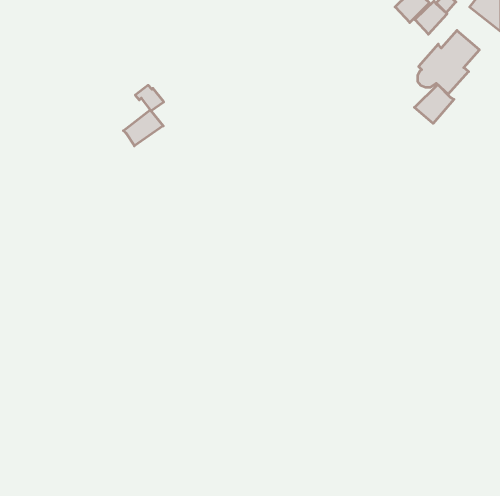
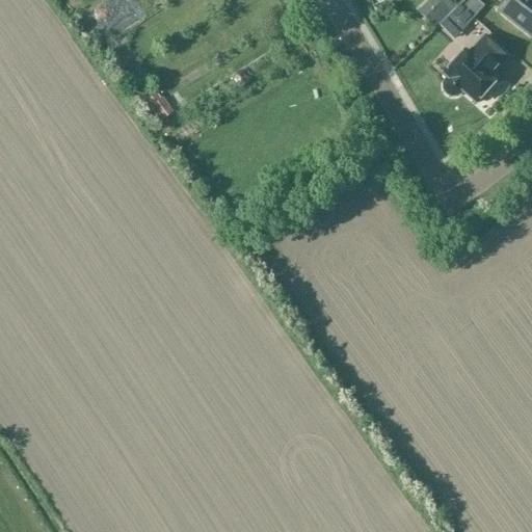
building: [414,85,454,123] -> none
building: [123,110,163,146] -> none

